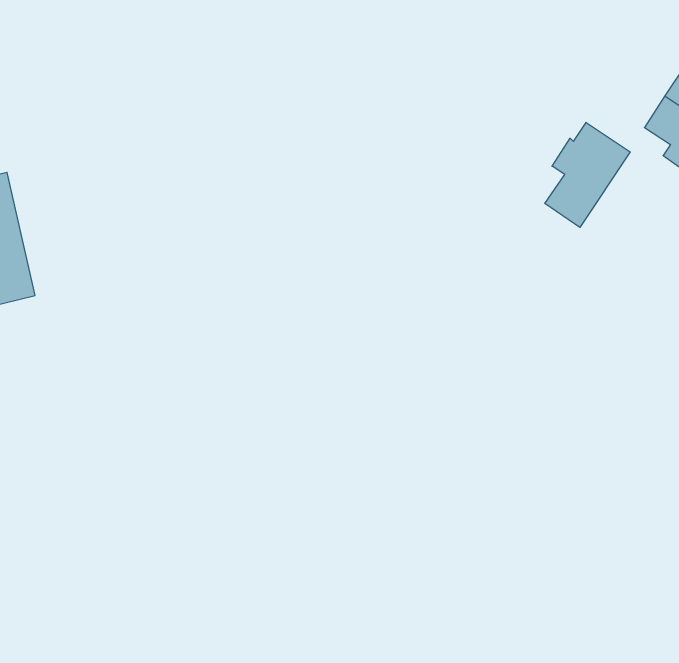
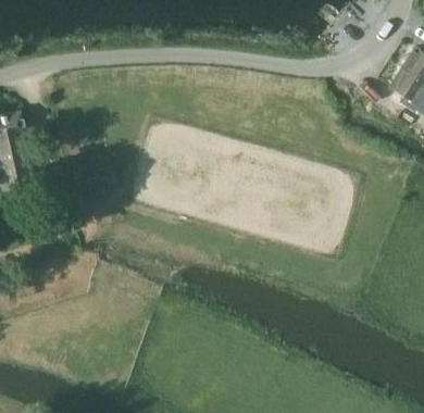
building: [545,122,630,227] -> none

